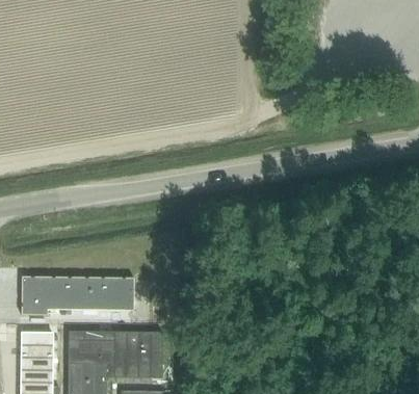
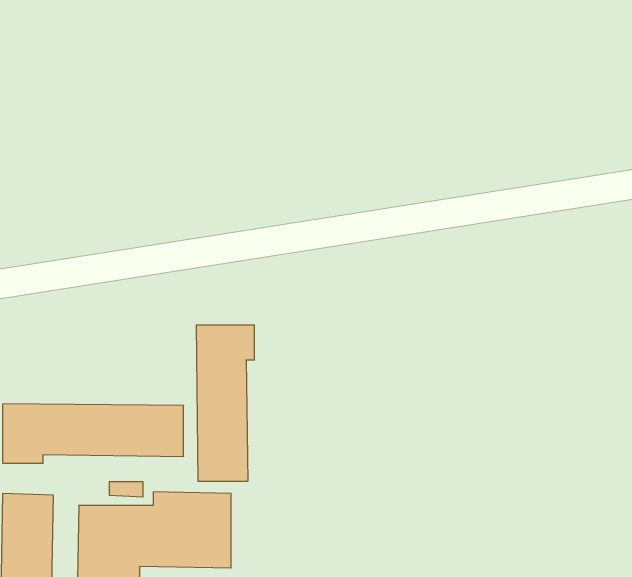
building: none -> [196,325,254,481]

